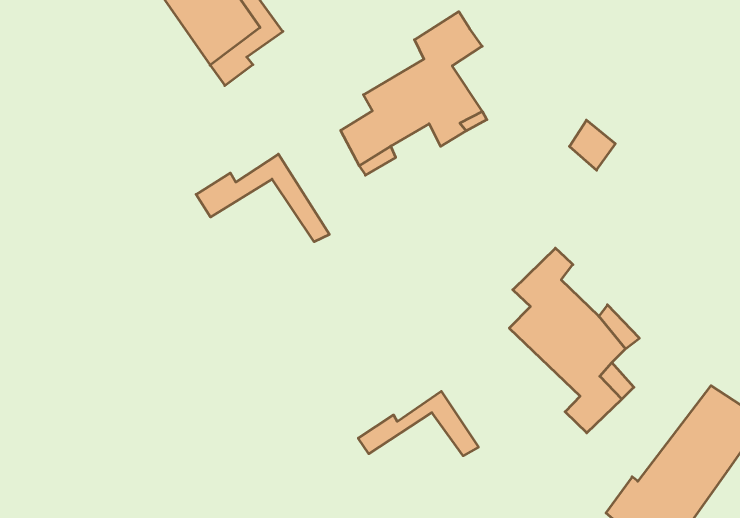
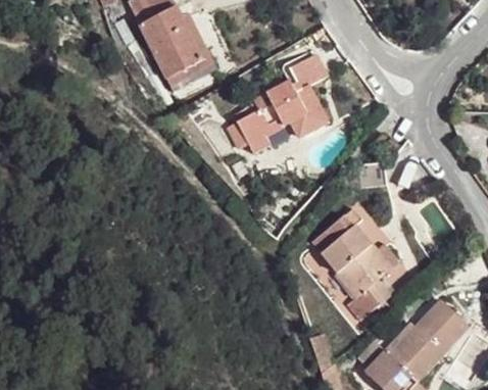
building: [196,154,329,242] -> none
building: [358,391,478,456] -> none

